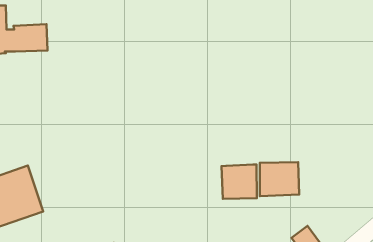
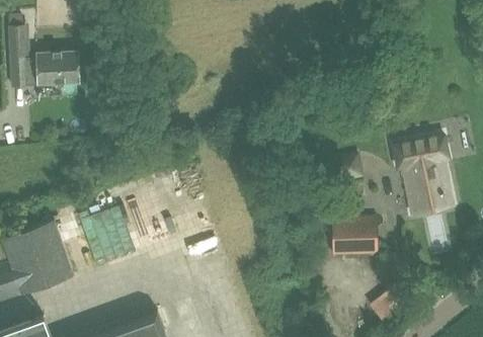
building: none -> [391,136,455,217]
building: [222,164,257,199] -> none

